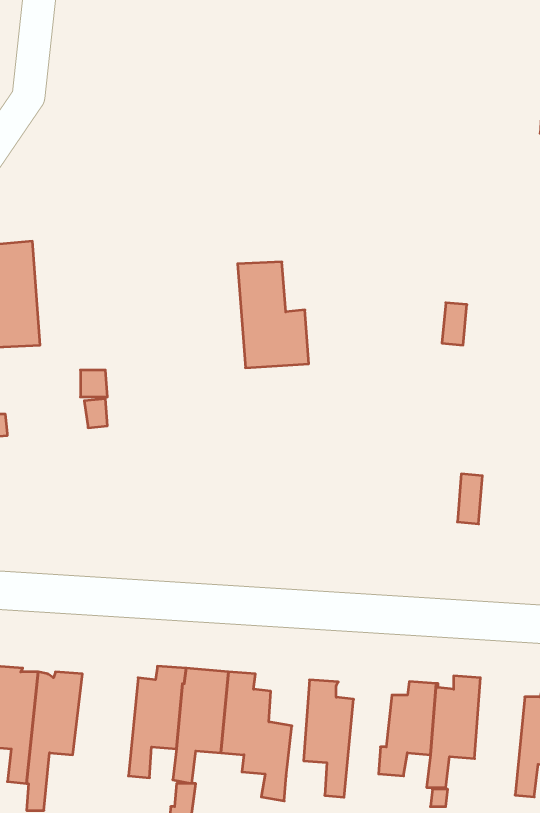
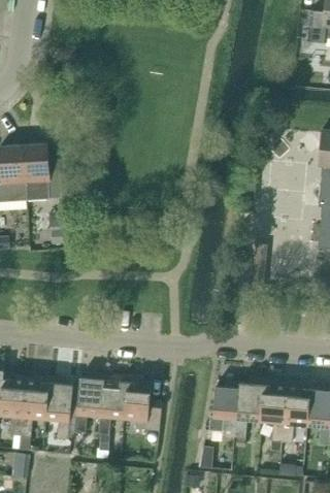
building: [238,262,309,368] -> [23,143,61,200]
building: none -> [44,376,72,439]
building: [304,680,354,797] -> [260,379,287,441]

